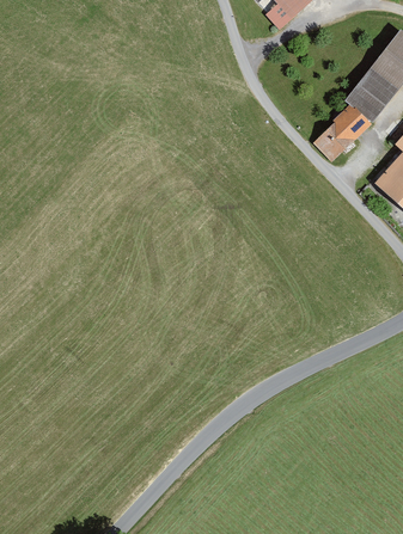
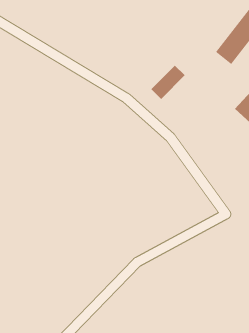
building: [315,109,366,160] -> [150,65,185,100]

